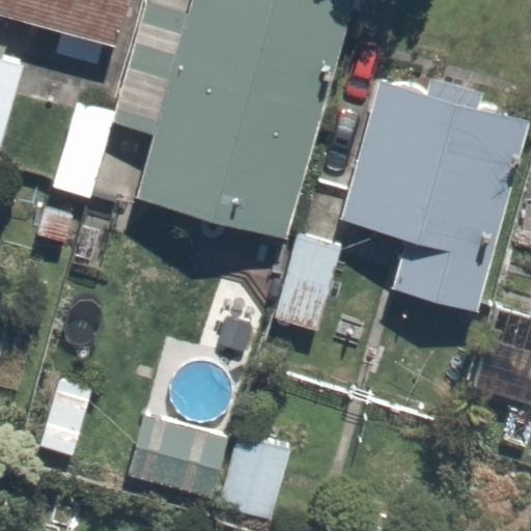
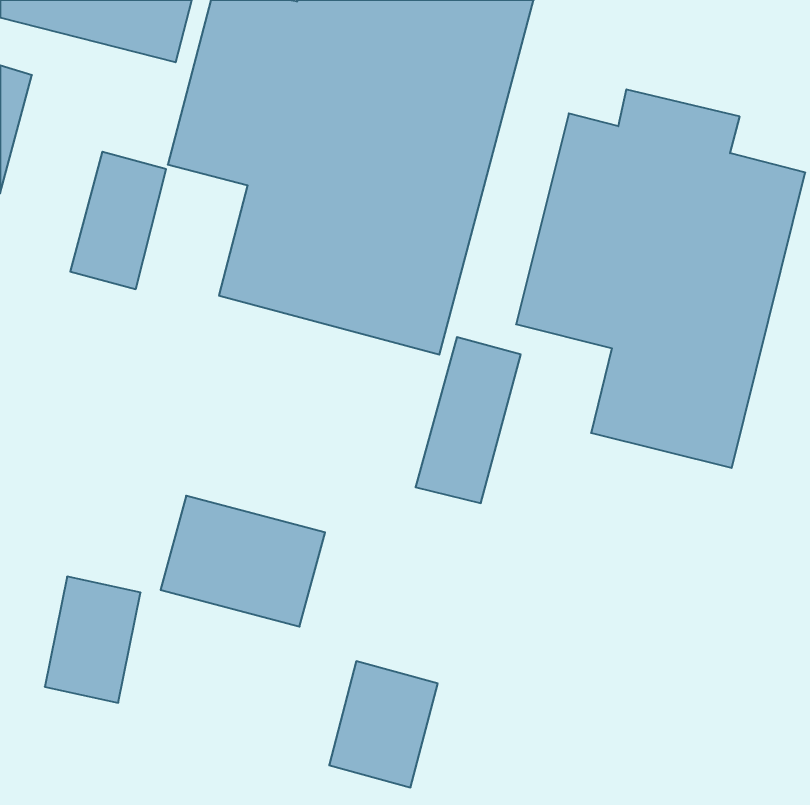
building: [121,416,228,501] -> [161,496,325,627]

